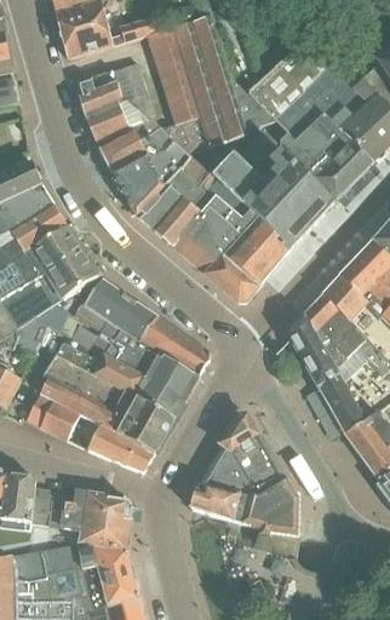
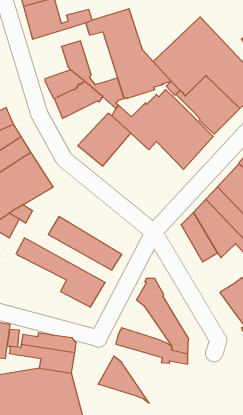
building: [153,48,194,122] -> none
building: [75,70,125,117] -> none
building: [113,144,191,216] -> none
building: [172,197,291,303] -> none
building: [82,277,210,375] -> none
building: [57,333,185,417] -> none
building: [319,373,366,431] -> none
building: [27,377,154,472] -> none
building: [199,442,274,511] -> [98,356,149,403]

